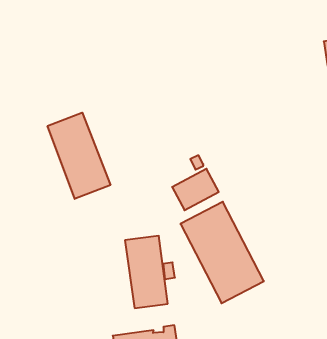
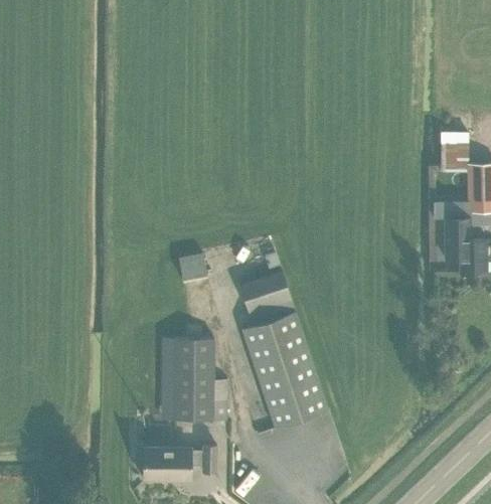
building: [48,113,110,199] -> none
building: none -> [177,254,205,282]

